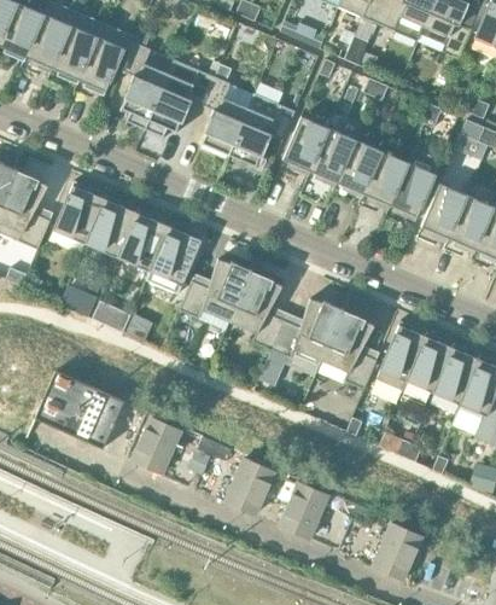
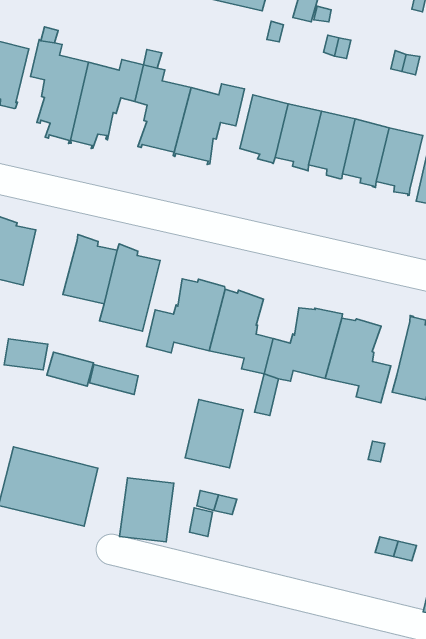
building: [86,194,136,255] -> none
building: [222,454,276,514] -> [185,399,243,468]
building: [278,478,329,537] -> none

